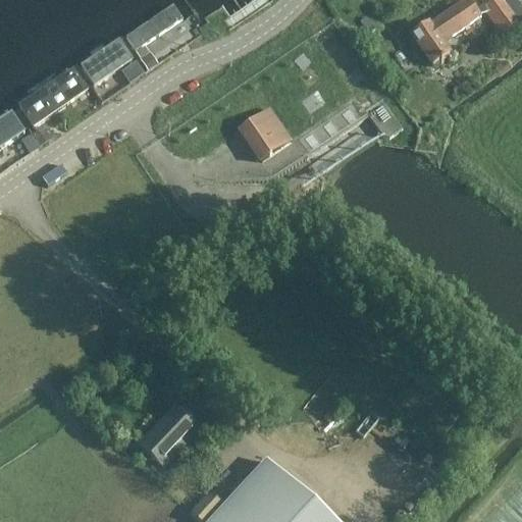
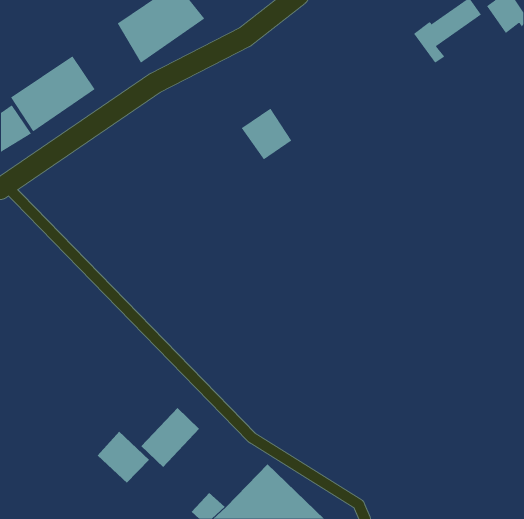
building: [74,29,140,91] -> none
building: none -> [97,431,150,483]

